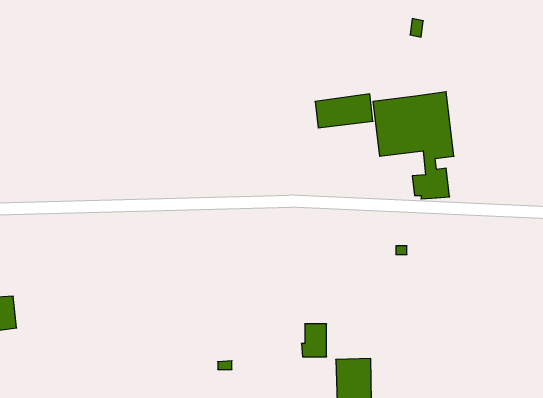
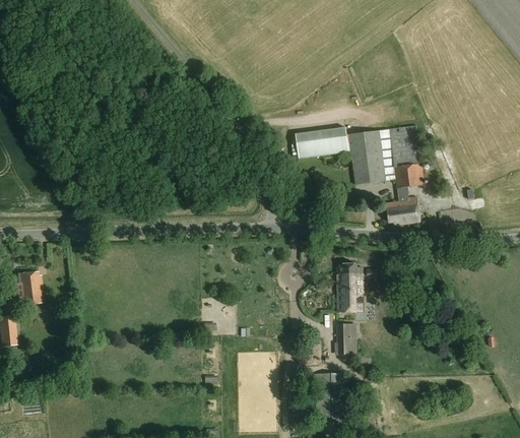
building: none -> [324,264,364,305]
building: none -> [7,270,44,305]
building: [301,324,327,357] -> [333,324,356,355]

